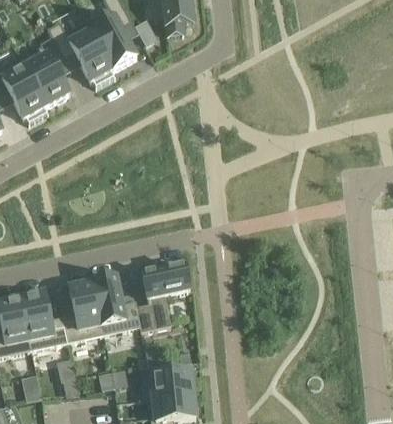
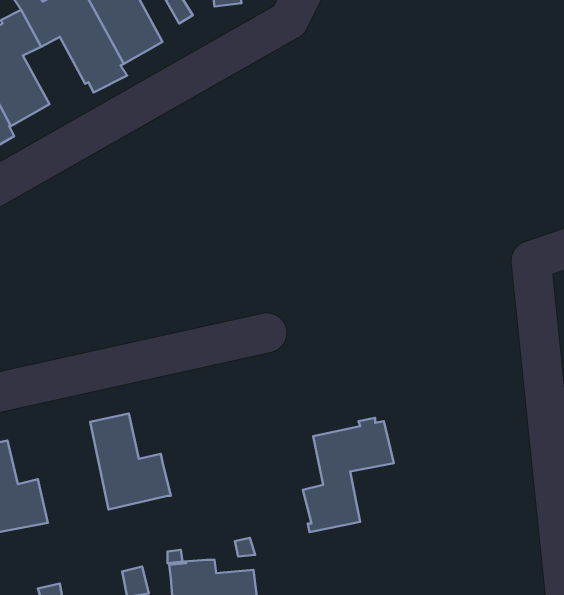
building: [136,263,190,331] -> [303,418,394,532]
building: [62,282,104,342] -> none

